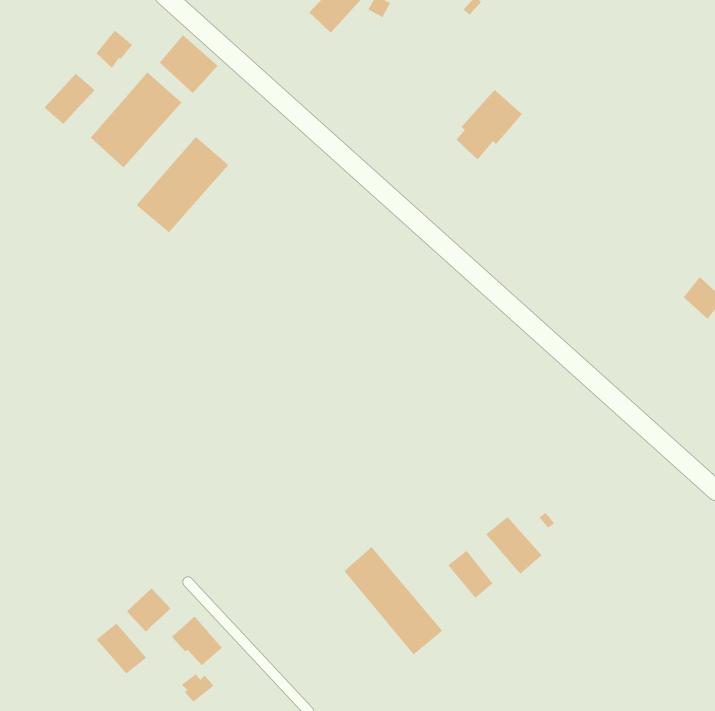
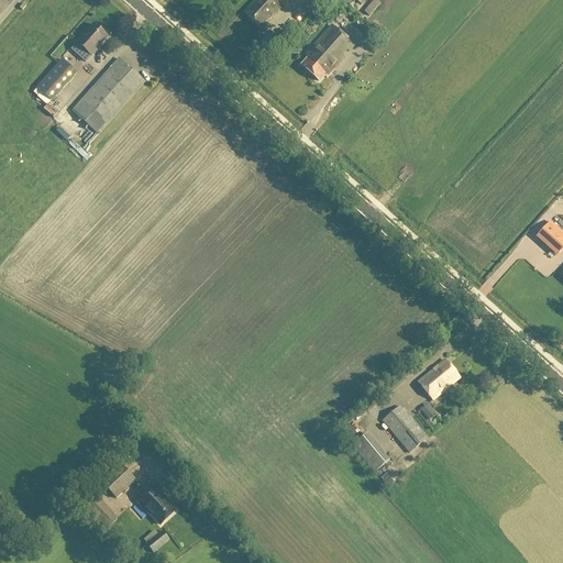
building: [159,34,218,94] -> none
building: [455,89,523,161] -> [300,23,353,79]
building: [136,136,229,233] -> none
building: none -> [418,358,460,398]
building: [344,546,443,656] -> none

